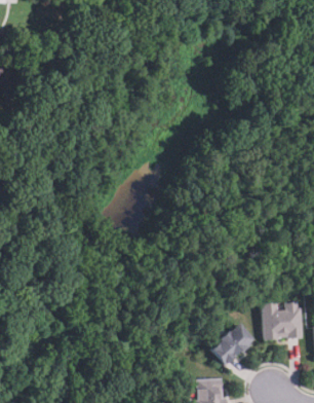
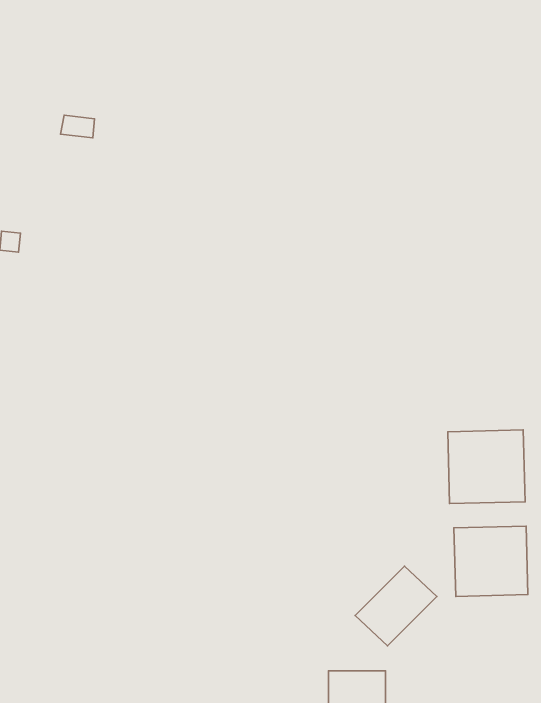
building: none -> [448,430,525,504]

